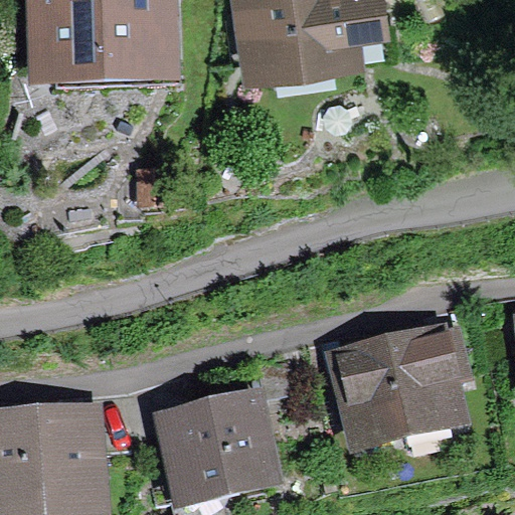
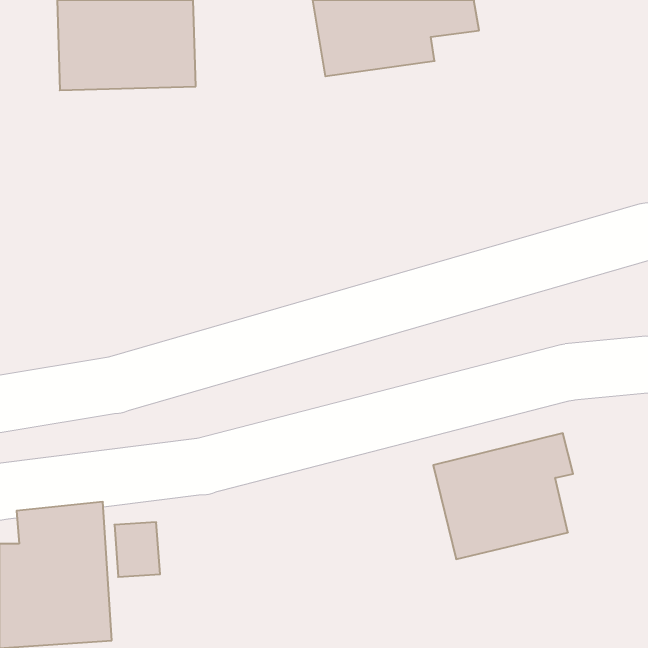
building: [161,405,271,505] -> none

